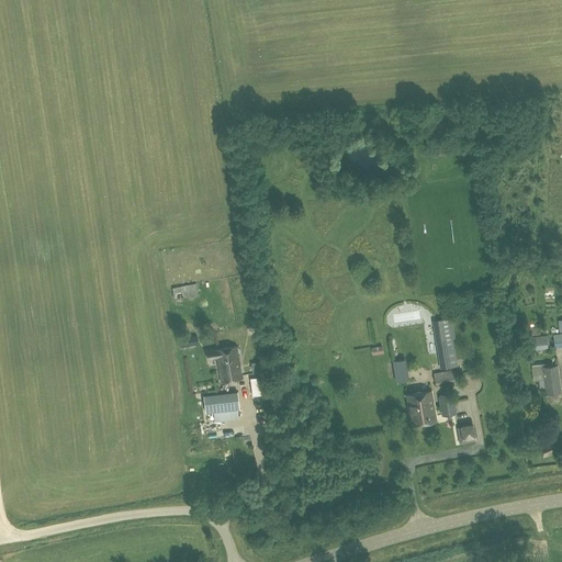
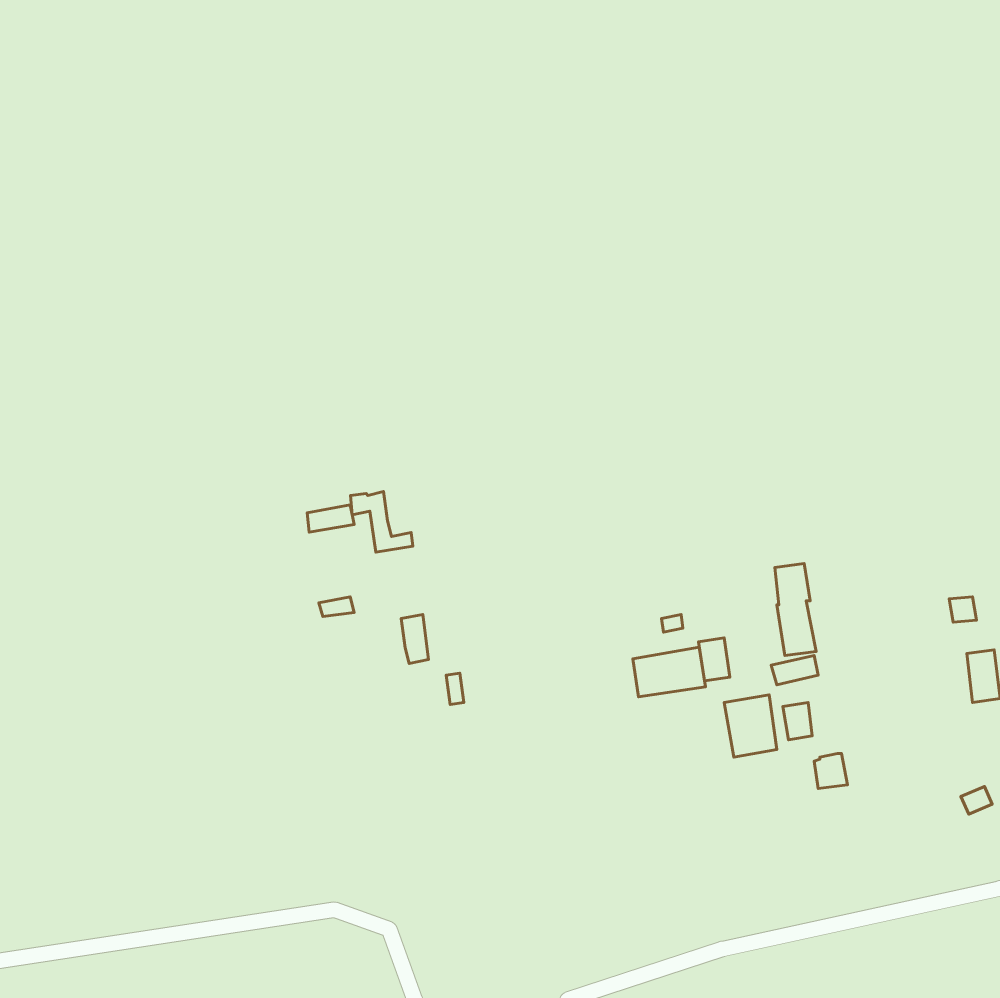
building: [206,348,241,382] -> [350,492,413,552]
building: none -> [633,647,705,697]
building: [203,392,239,414] -> none

